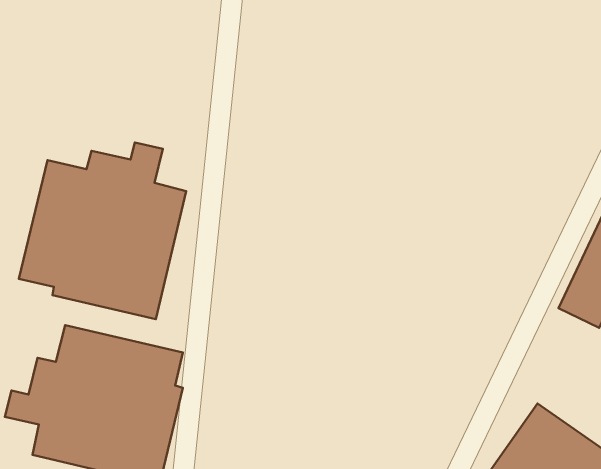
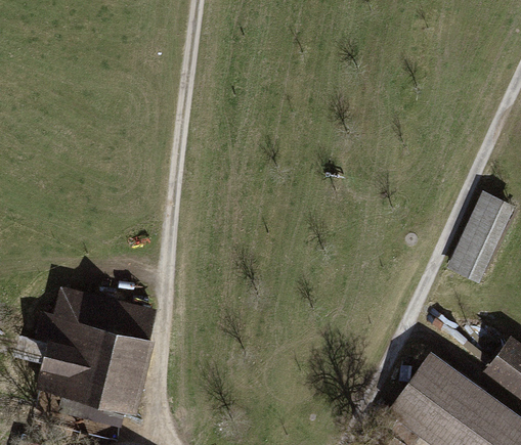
building: [19,142,186,319] -> none

